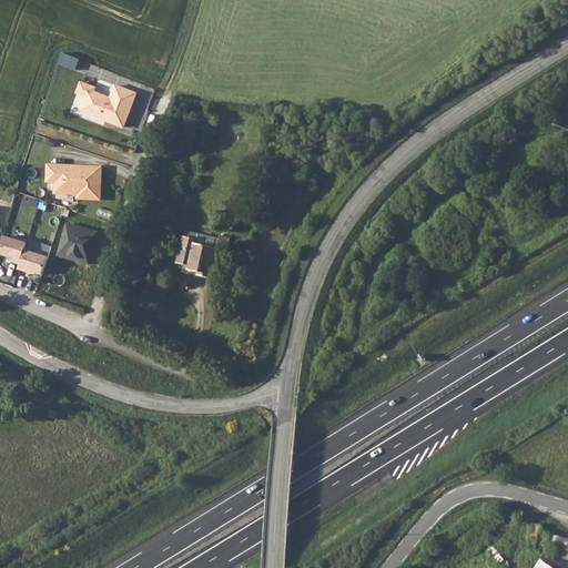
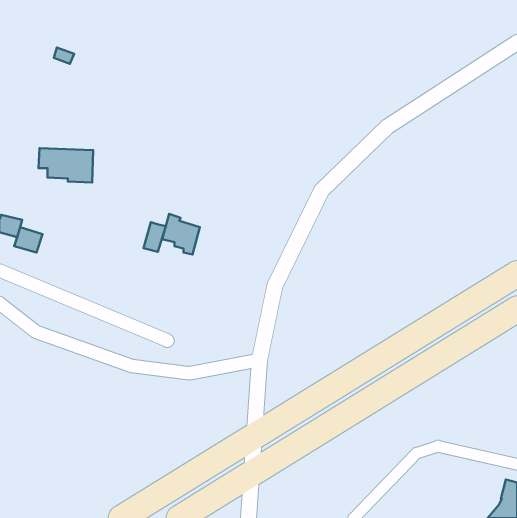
building: [73,81,134,126] -> none
building: [58,224,97,265] -> none
building: none -> [144,222,166,252]

